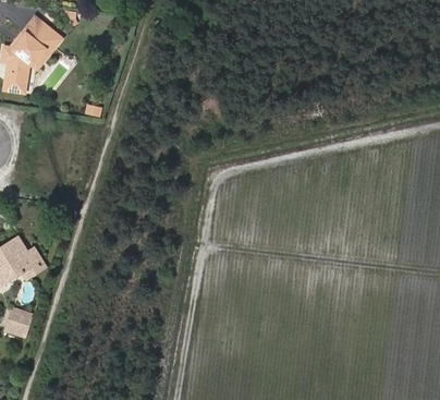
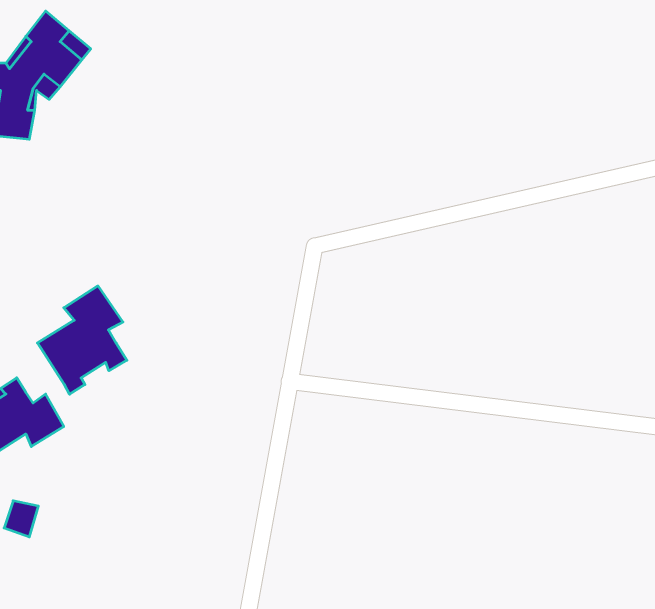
building: none -> [37,286,127,394]

